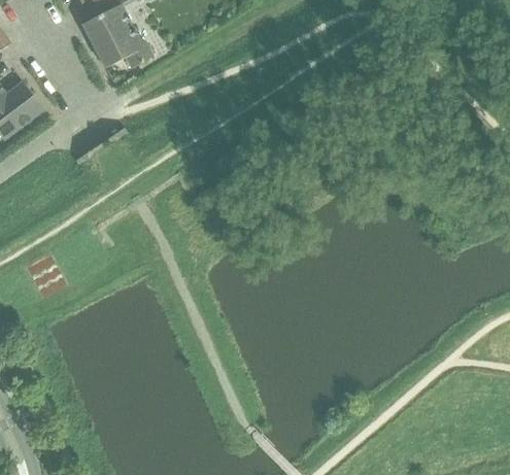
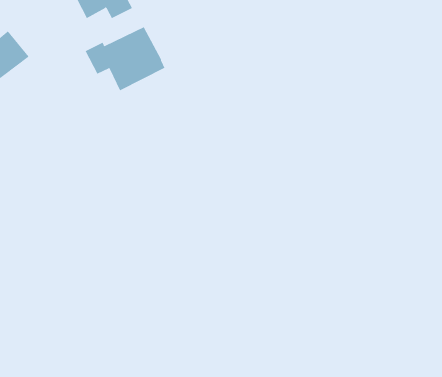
building: none -> [85,26,165,91]

